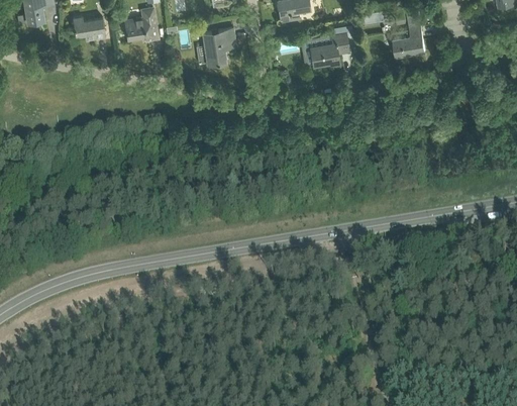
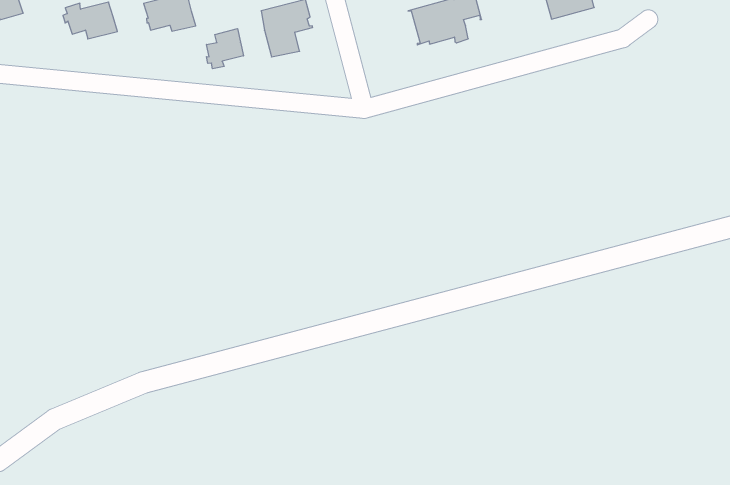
building: none -> [206,29,243,69]

